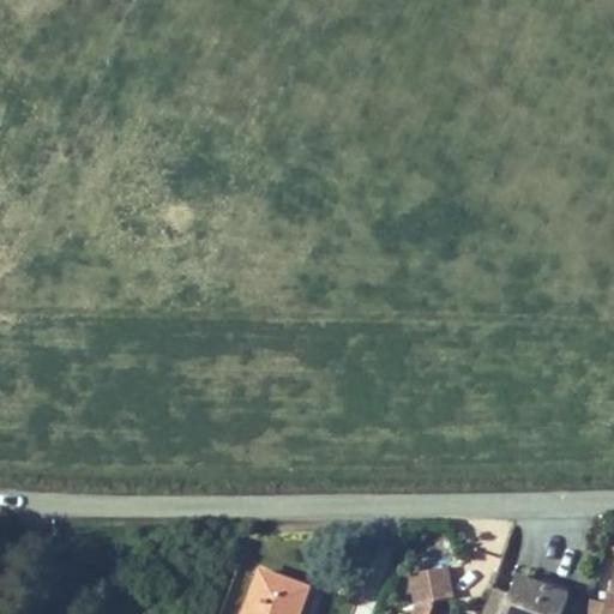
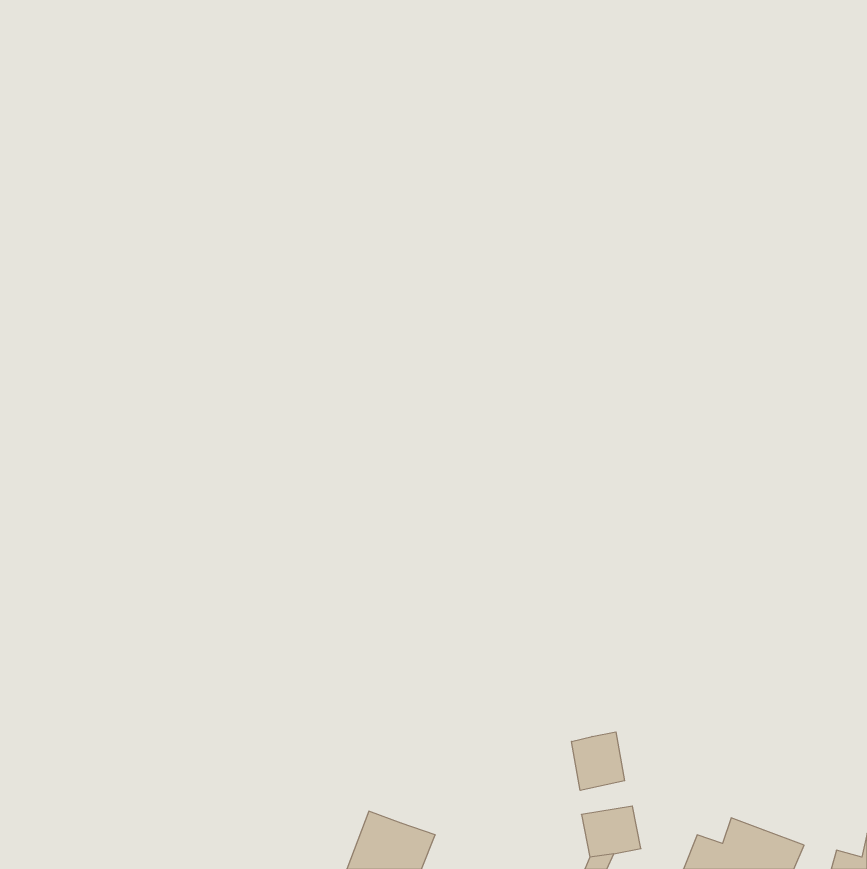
building: none -> [572,732,625,790]

